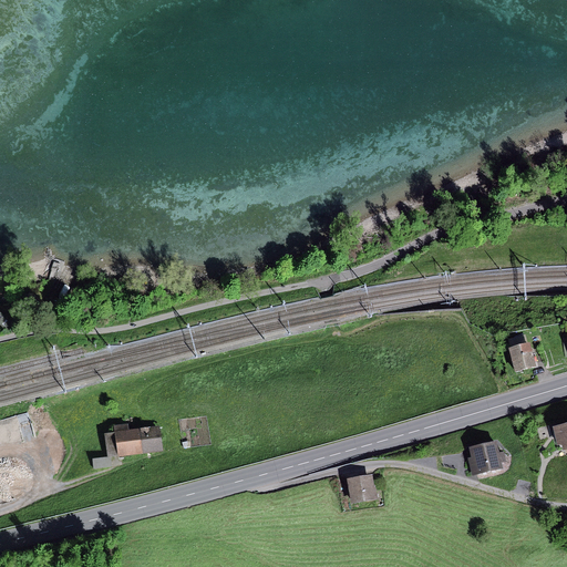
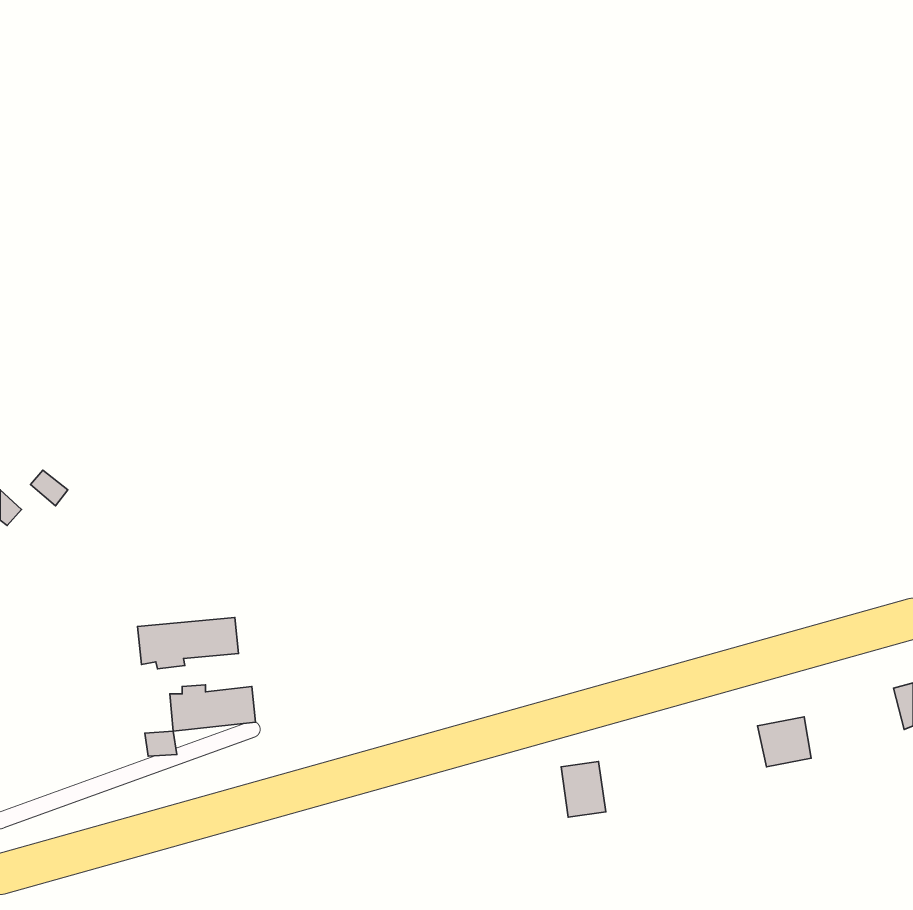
building: [511,341,537,372] -> none
building: none -> [137,617,239,669]

